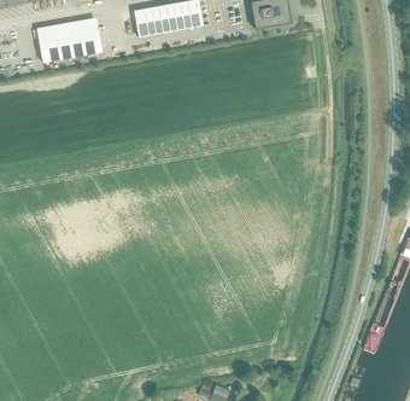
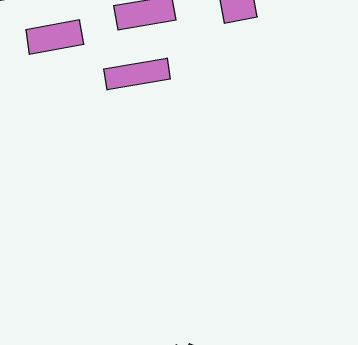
building: none -> [104,58,170,90]

